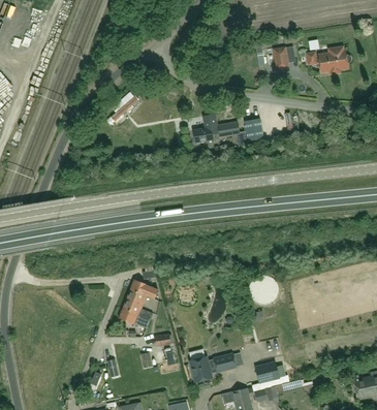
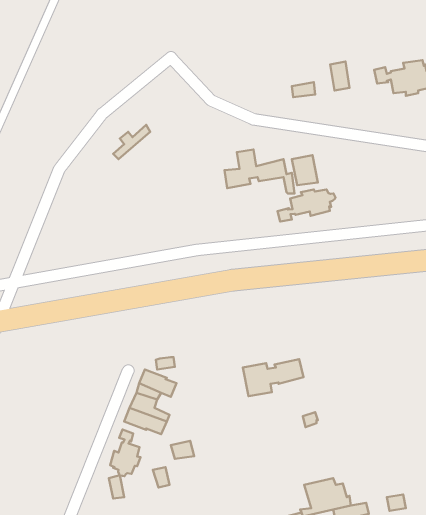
building: none -> [278,189,336,222]
building: none -> [110,430,140,476]
building: [190,353,235,381] -> [243,359,303,396]

